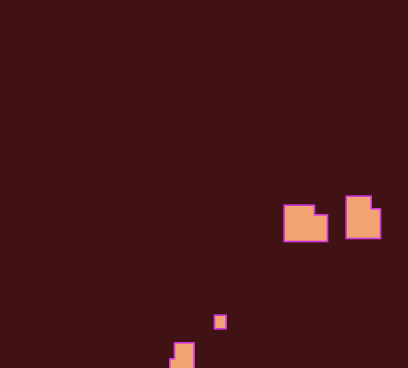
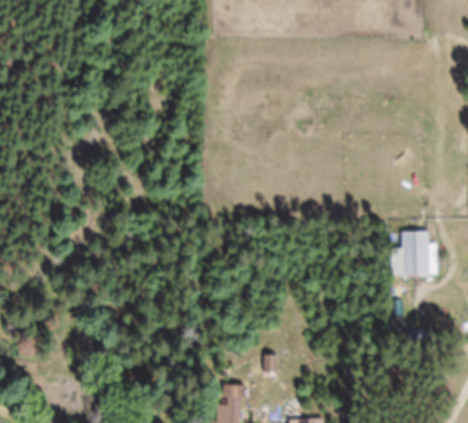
building: [284,205,327,242] -> none

